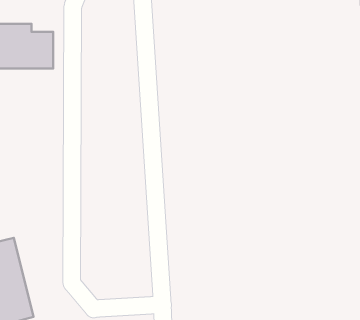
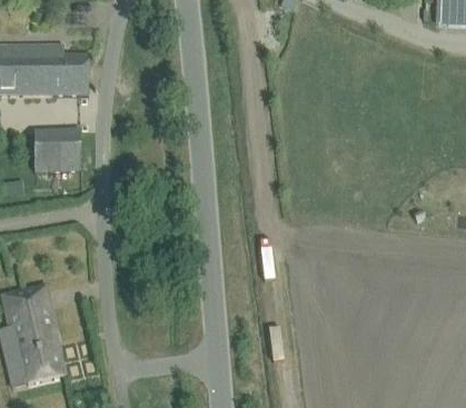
building: none -> [33,128,80,170]

